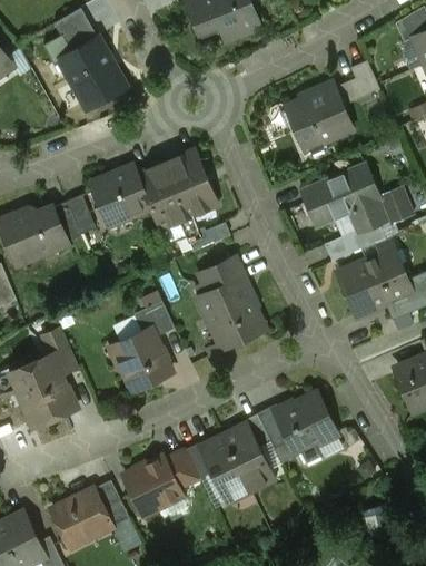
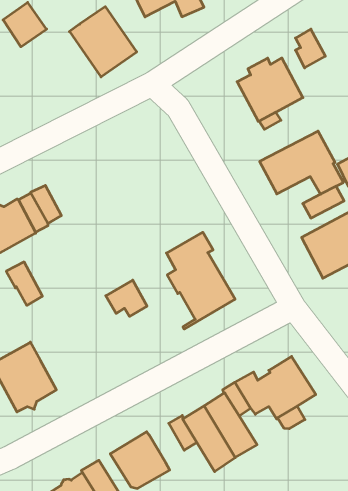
building: [58,36,125,107] -> [69,7,137,77]
building: [135,146,221,245] -> none
building: [87,169,146,225] -> none
building: [115,328,171,390] -> none
building: [42,329,77,373] -> [6,262,42,305]
building: [164,449,199,489] -> none

